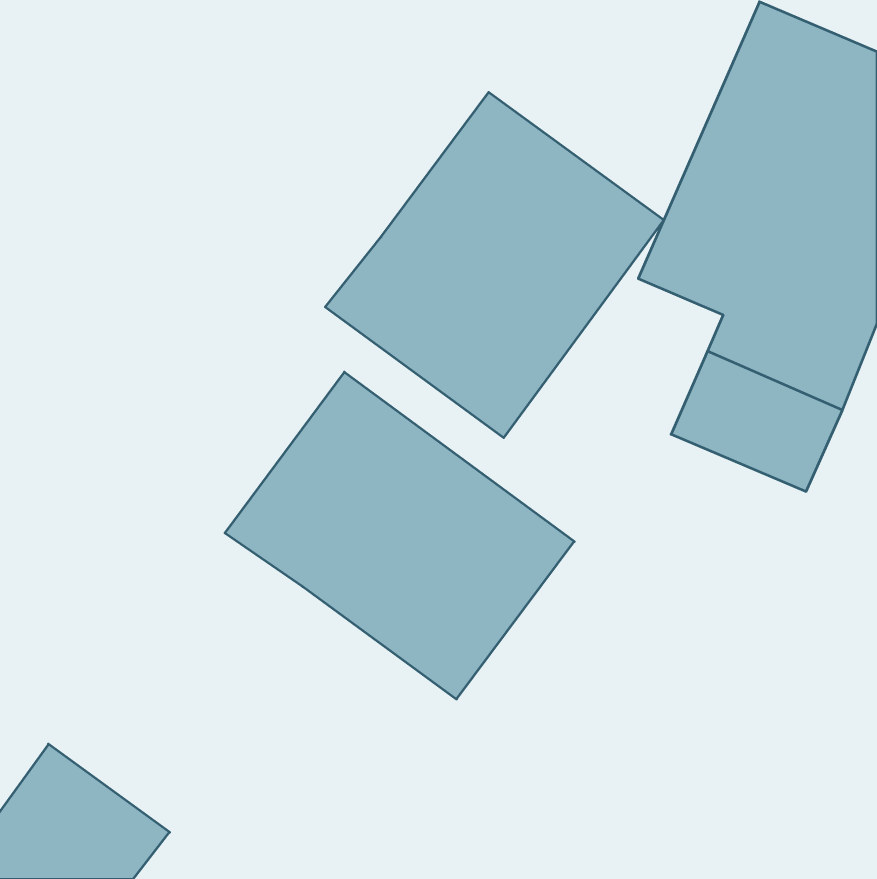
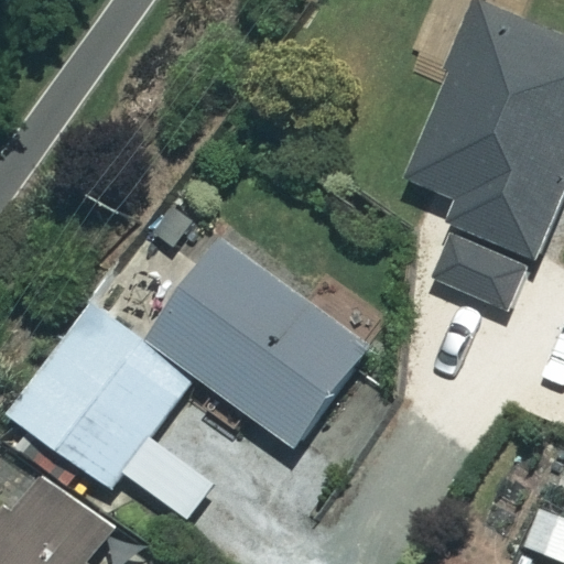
building: [325,92,664,438] -> none
building: none -> [10,302,212,518]

